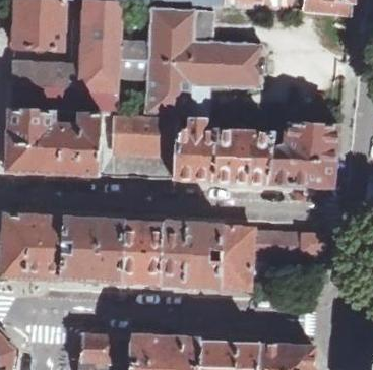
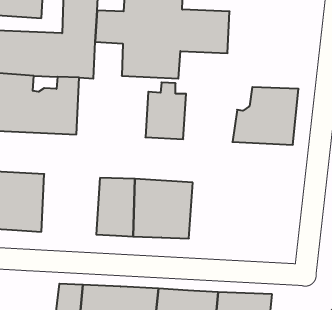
building: [98,114,176,178] -> none
building: [212,131,272,183] -> none
building: [60,218,123,283] -> none
building: [219,227,325,288] -> none

